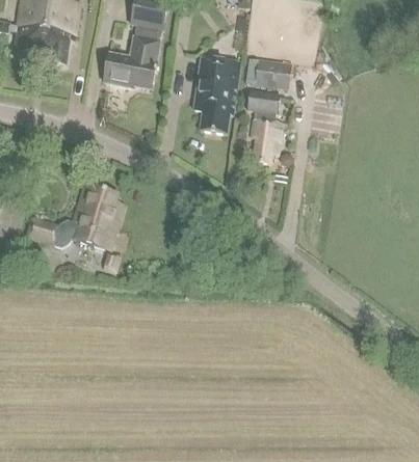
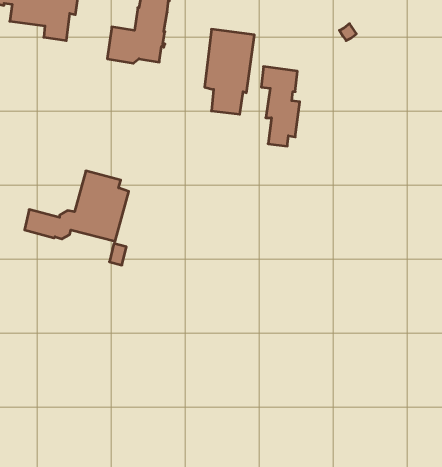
building: [245,57,291,88] -> none

